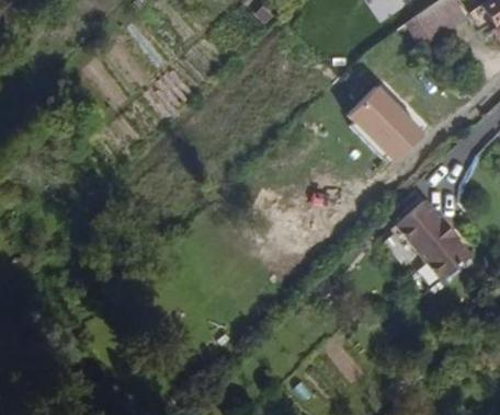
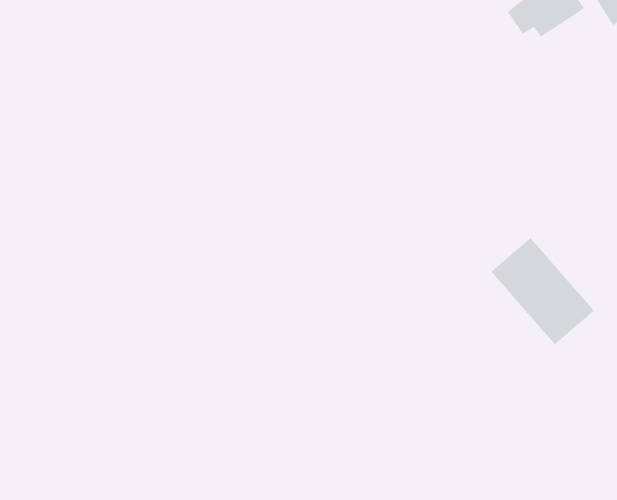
building: [348,84,425,162] -> none

